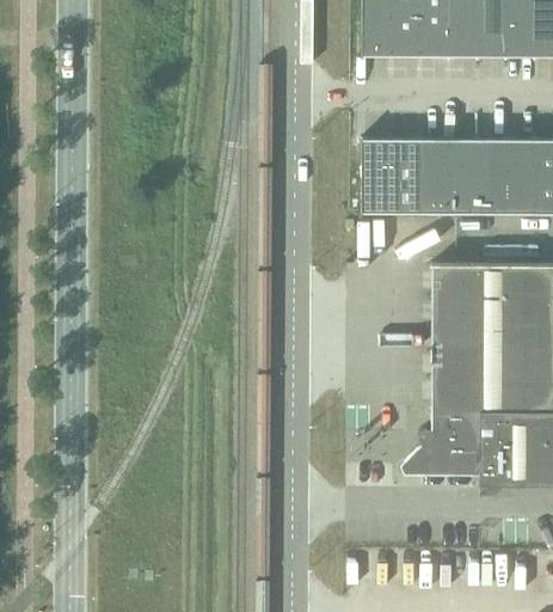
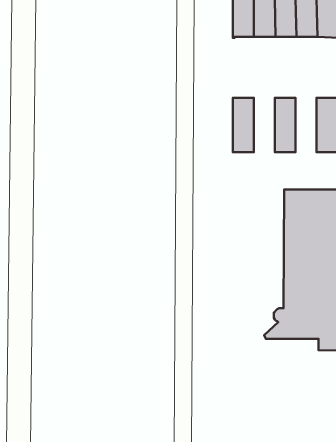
building: [392,139,420,213] -> none
building: [449,139,478,213] -> none

